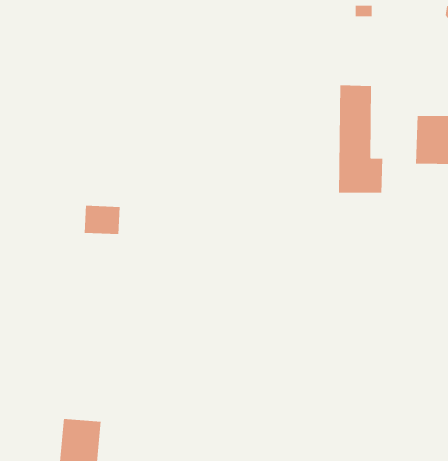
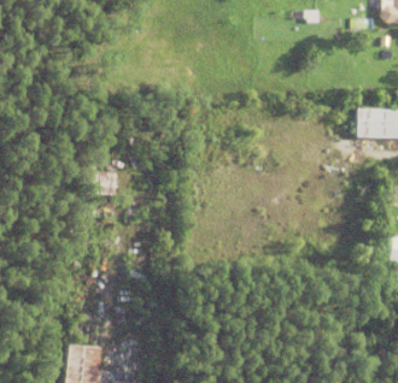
building: [338,85,383,194] -> none

